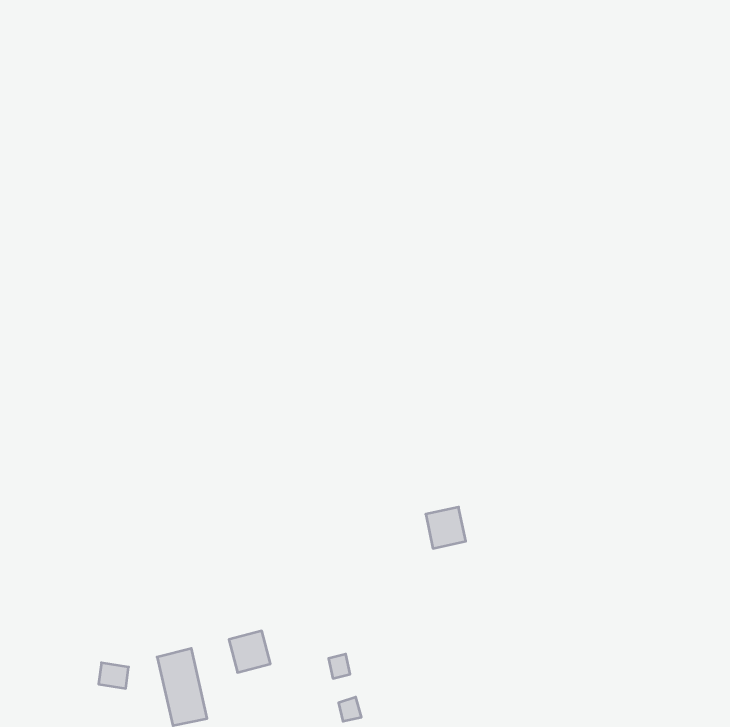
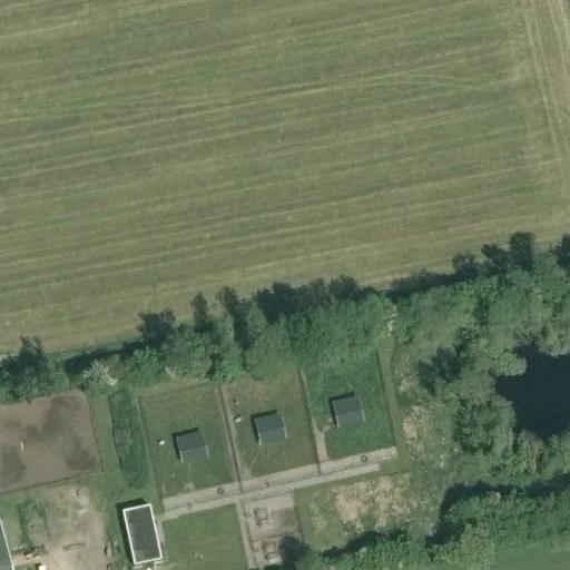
building: none -> [254,413,286,444]
building: [229,631,270,672] -> [175,431,207,463]

